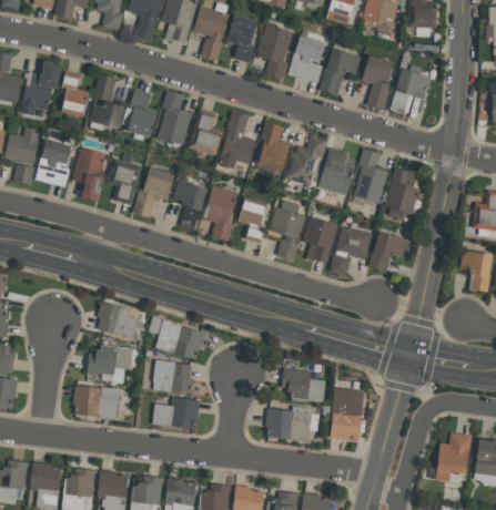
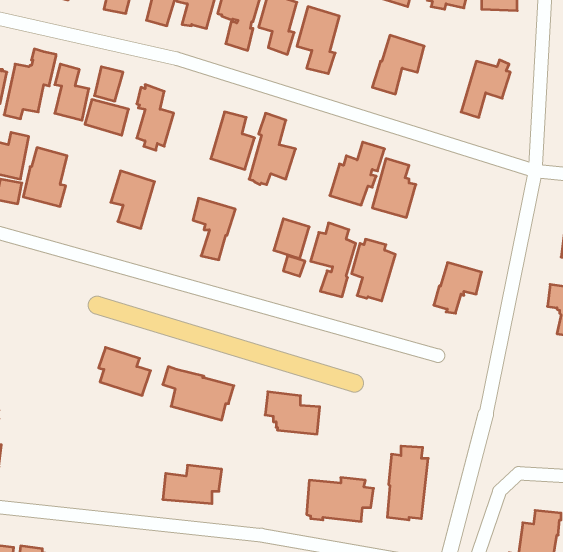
building: [287,30,325,83] -> none
building: [362,54,395,109] -> none
building: [158,90,192,145] -> none
building: [259,122,291,170] -> none
building: [72,147,107,201] -> none
building: [354,149,388,203] -> none
building: [132,167,175,217] -> none
building: [384,167,422,220] -> none
building: [203,186,237,241] -> none
building: [330,226,372,276] -> none
building: [84,345,131,382] -> none
building: [149,359,190,394] -> none
building: [282,368,326,402] -> [265,392,320,434]
building: [73,385,120,418] -> none

